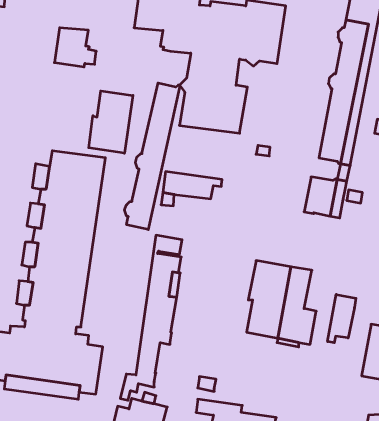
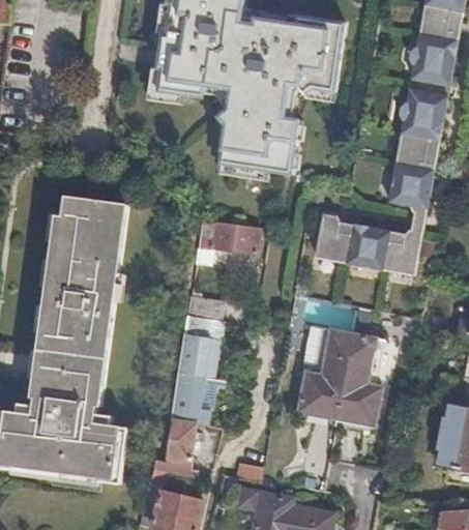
building: [54,28,96,67] -> [158,50,208,96]
building: [125,83,180,230] -> none
building: [89,91,133,153] -> none
building: none -> [311,213,375,268]
building: [328,294,356,343] -> none

